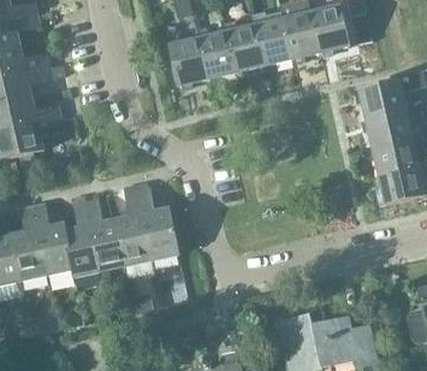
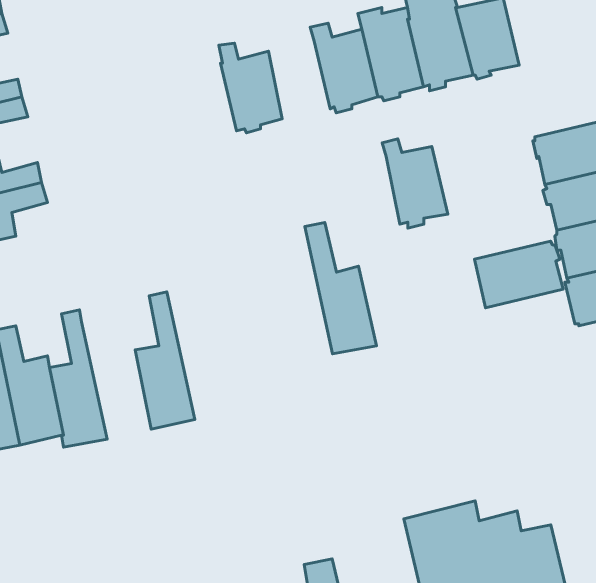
building: [195,27,235,81] -> [382,139,448,228]
building: none -> [475,241,563,308]
building: [136,181,179,260] -> [305,223,376,354]
building: [84,199,126,272] -> none

